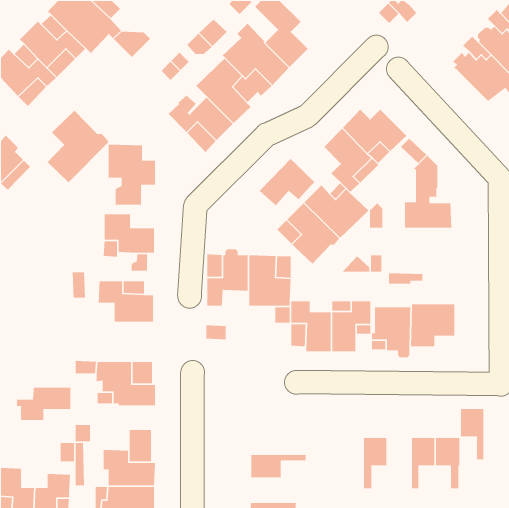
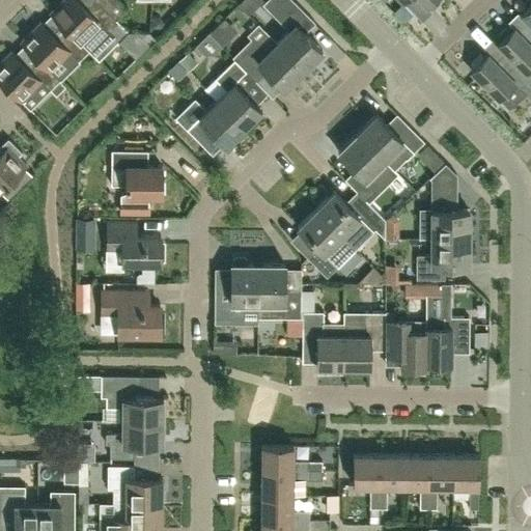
building: [47,110,110,183] -> none
building: [259,158,315,206] -> none
building: none -> [77,218,95,250]
building: none -> [416,240,471,281]
building: none -> [428,286,451,317]
building: none -> [215,304,259,326]
building: [16,387,71,421] -> [106,424,163,459]
building: [460,408,484,460] -> [403,456,428,510]
building: none -> [261,448,323,474]
building: none -> [353,456,379,510]
building: none -> [261,499,309,524]

